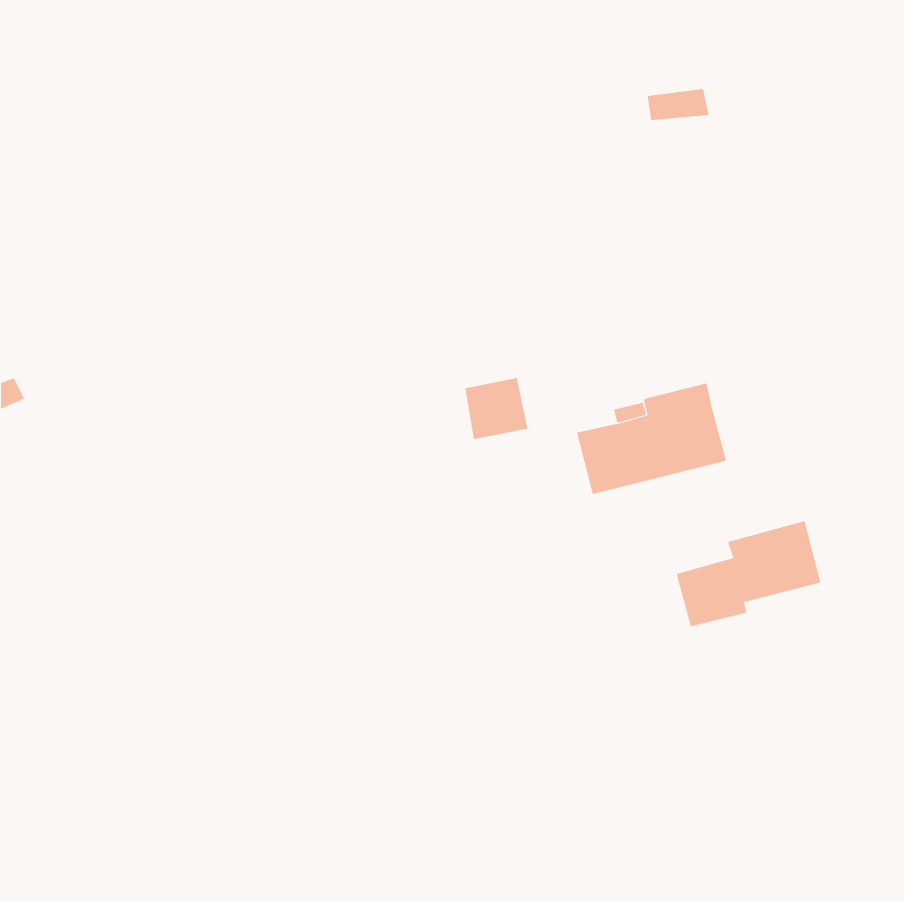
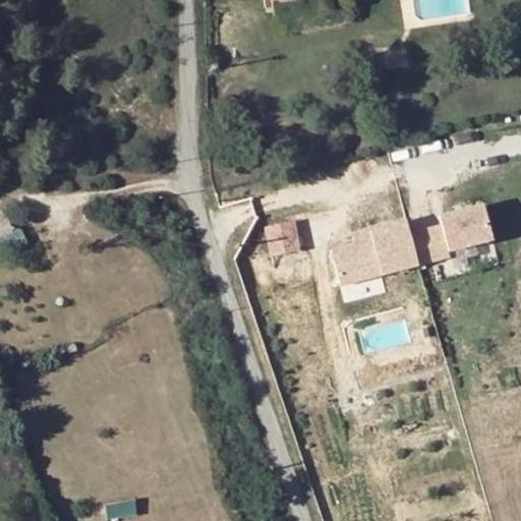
building: [676,521,821,627] -> [410,204,494,265]

